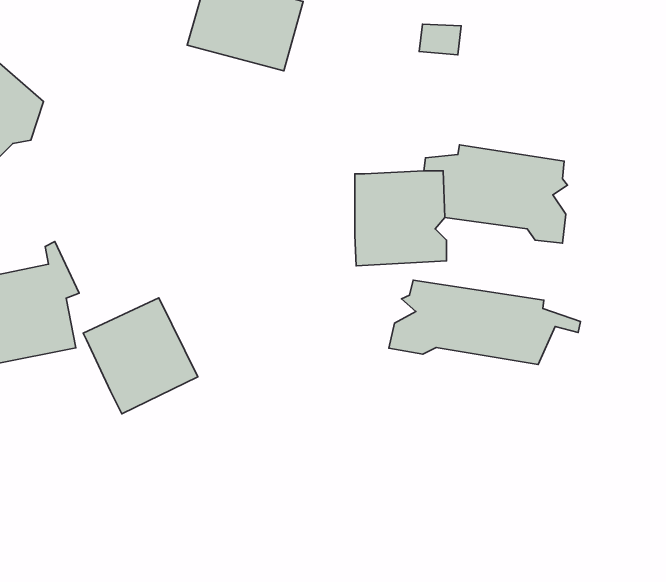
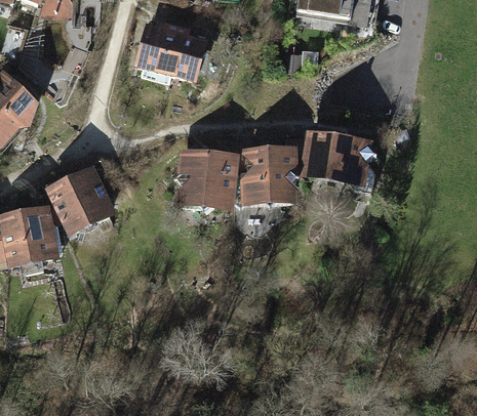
building: none -> [172,137,245,211]
building: [389,280,580,364] -> none
building: [83,298,198,414] -> [46,164,119,238]

